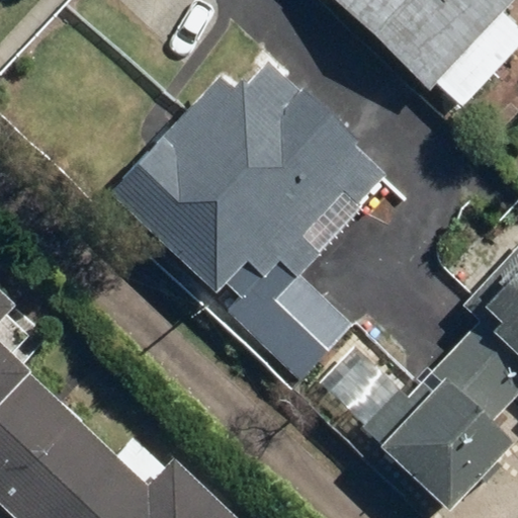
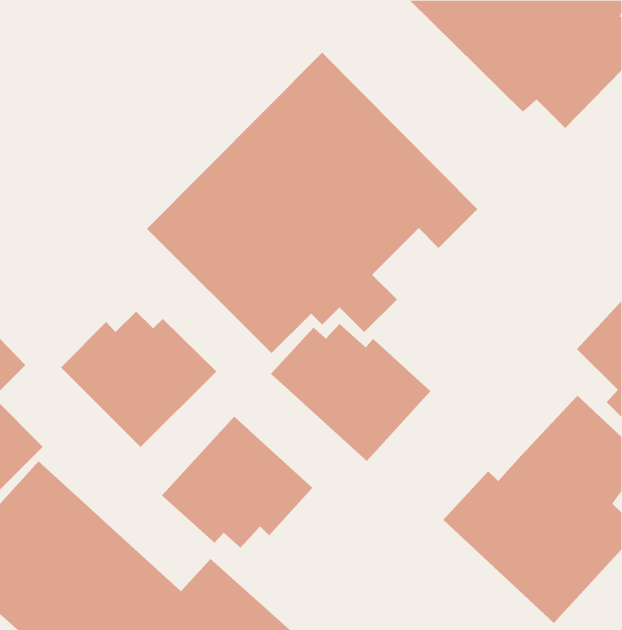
building: none -> [60,311,217,448]
building: none -> [161,416,313,549]

